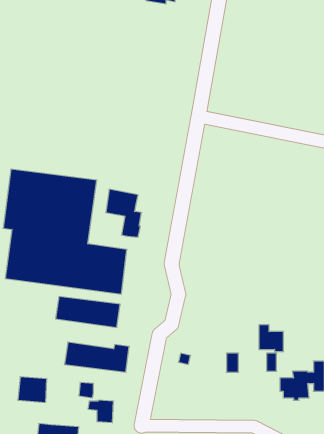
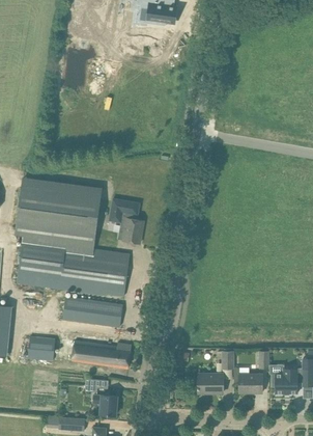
building: [259,325,284,352] -> [239,369,262,393]
building: [18,377,47,402] -> [27,336,54,360]
building: none -> [198,375,223,393]

